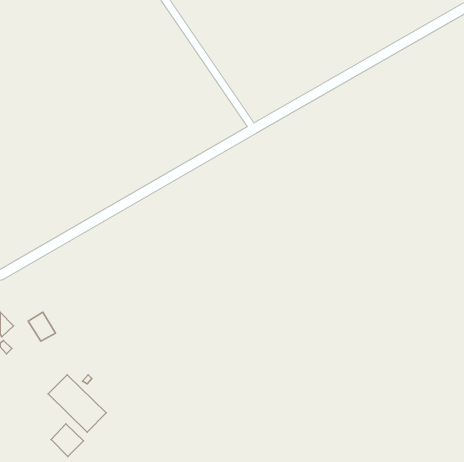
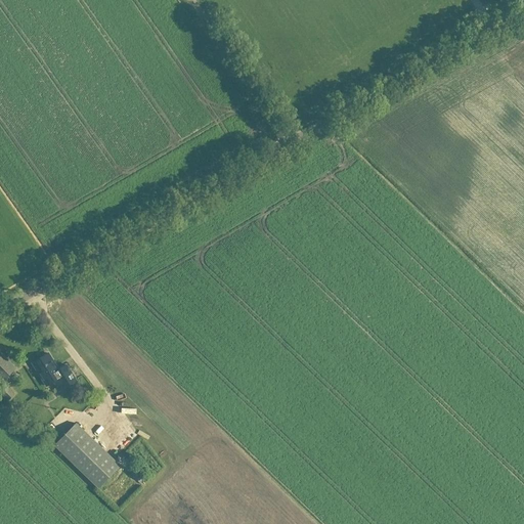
building: [51,424,83,457] -> none

